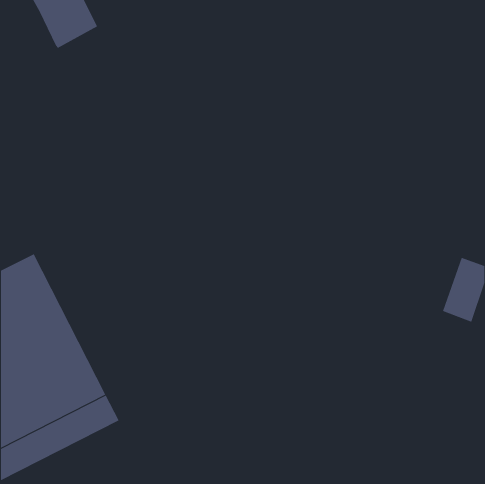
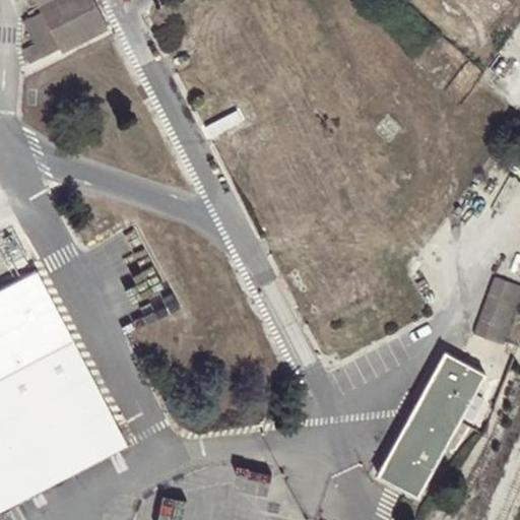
building: none -> [22,12,59,63]
building: none -> [379,348,485,495]

